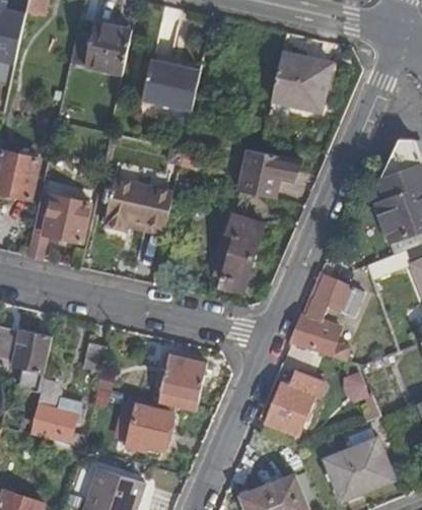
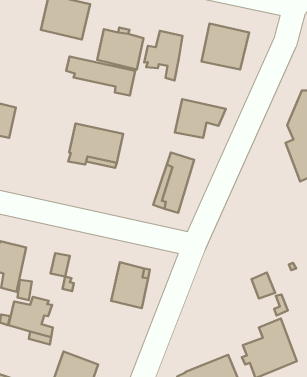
building: none -> [144,31,183,80]
building: none -> [66,57,135,96]
building: [27,192,90,259] -> none
building: [290,275,365,360] -> none
building: [266,371,324,436] -> none
building: [127,405,171,450] -> none

